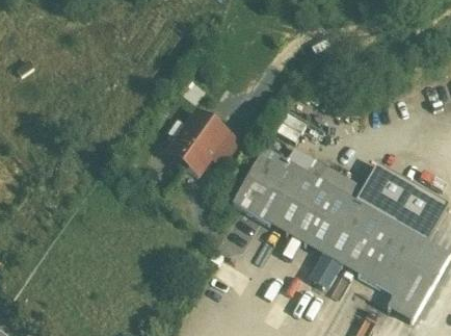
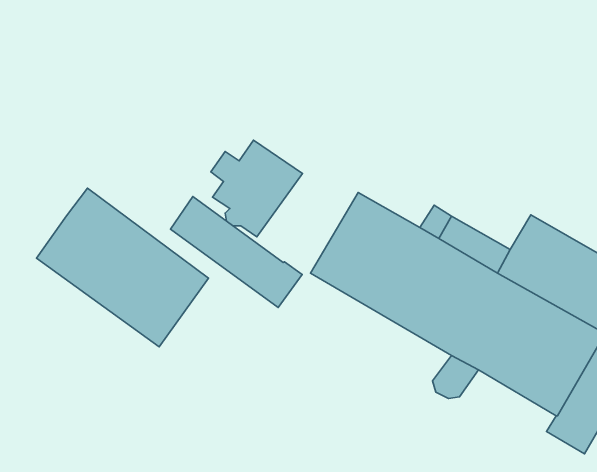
building: none -> [37,188,208,347]
building: none -> [171,197,302,307]

